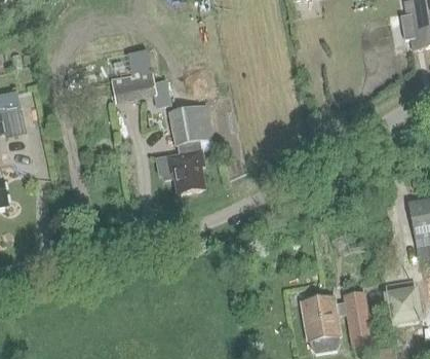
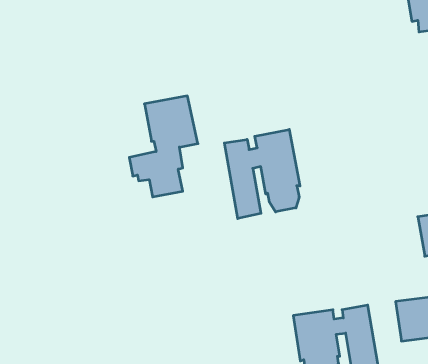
building: [111,47,167,102] -> none
building: none -> [224,129,300,219]

